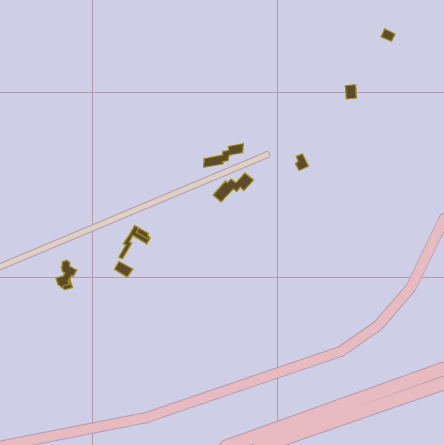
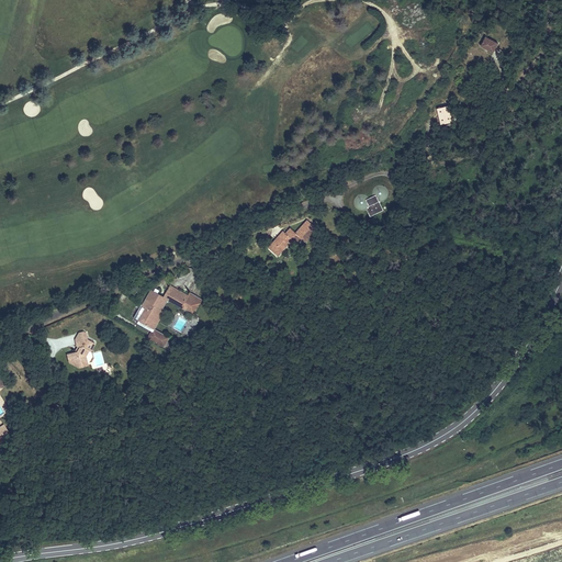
building: [204,143,243,167] -> none
building: none -> [139,286,164,325]

